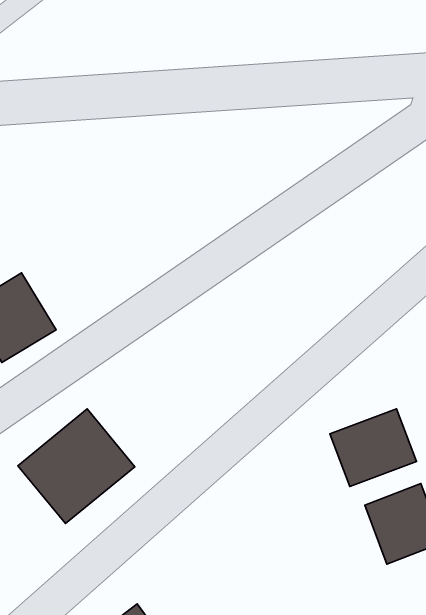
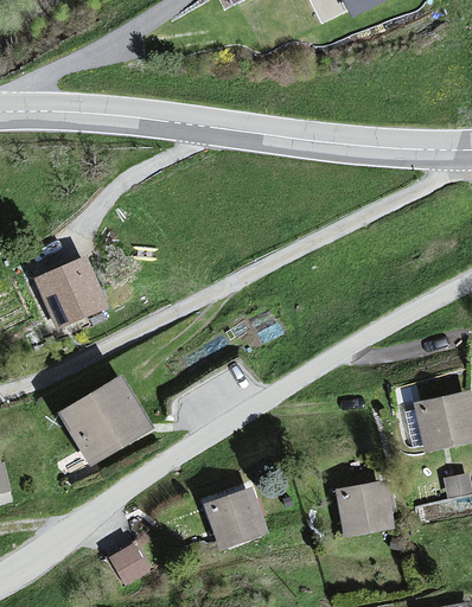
building: [330,409,416,487] -> none
building: none -> [203,485,269,551]

